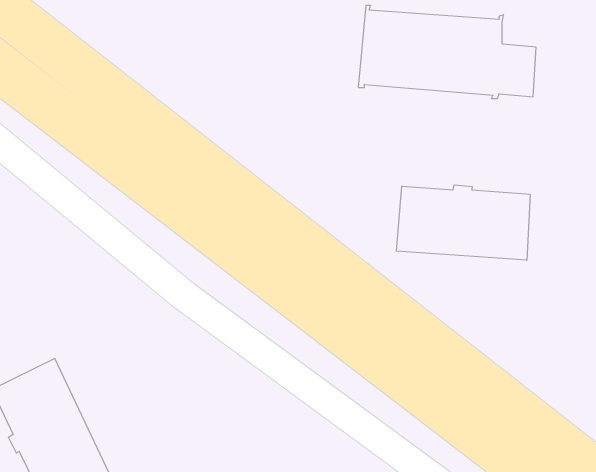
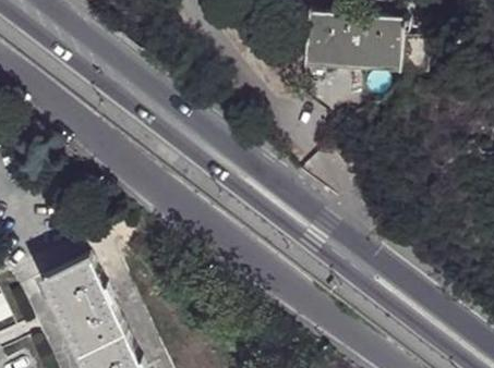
building: [396,185,530,260] -> none

